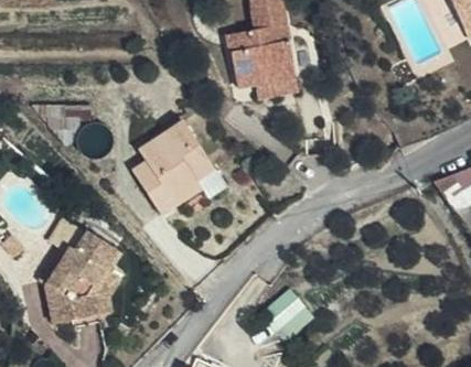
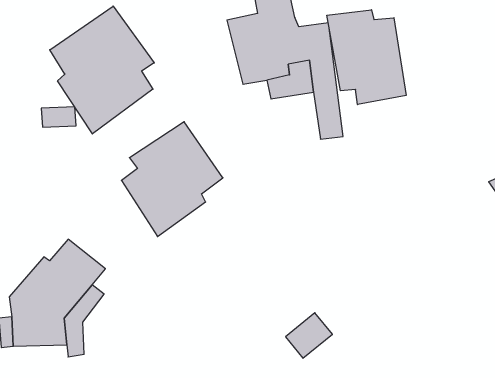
building: none -> [50,6,154,134]
building: none -> [327,10,406,105]

